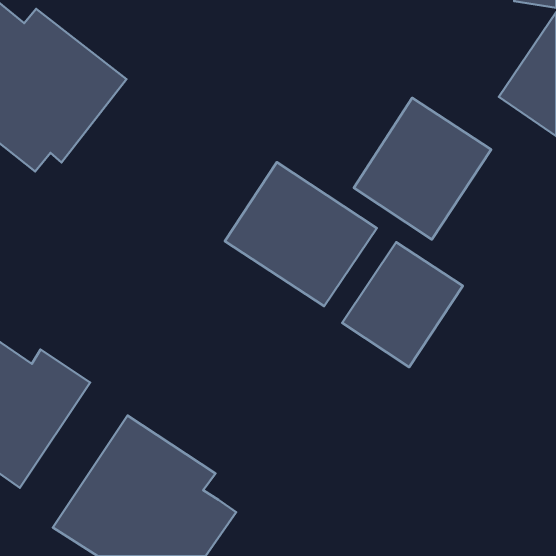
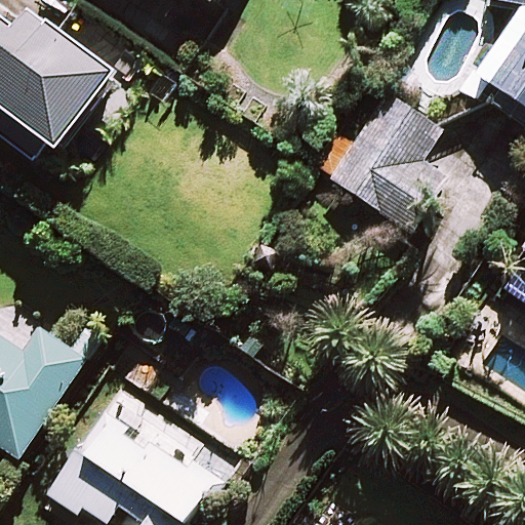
building: [225,162,377,306] -> none
building: [342,242,463,367] -> none

